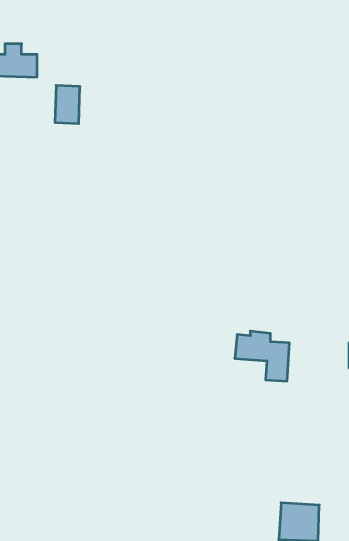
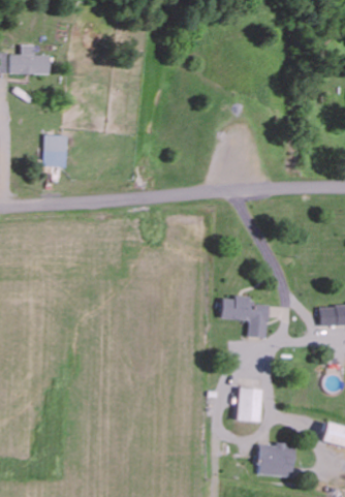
building: [55,85,80,124] -> [45,134,67,167]
building: none -> [238,389,260,422]

